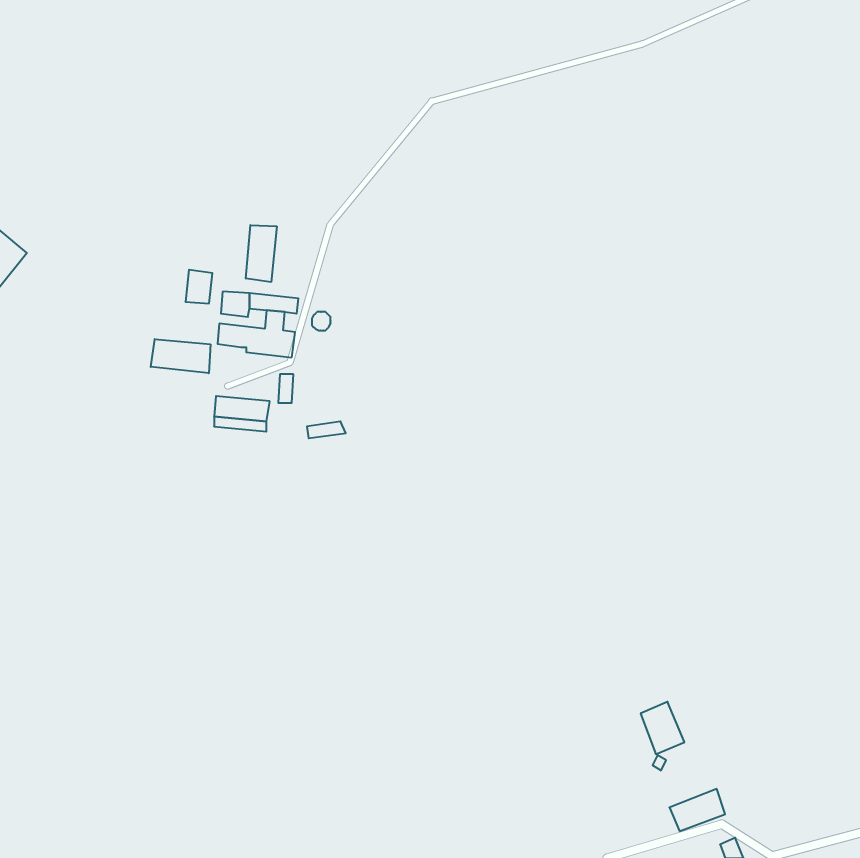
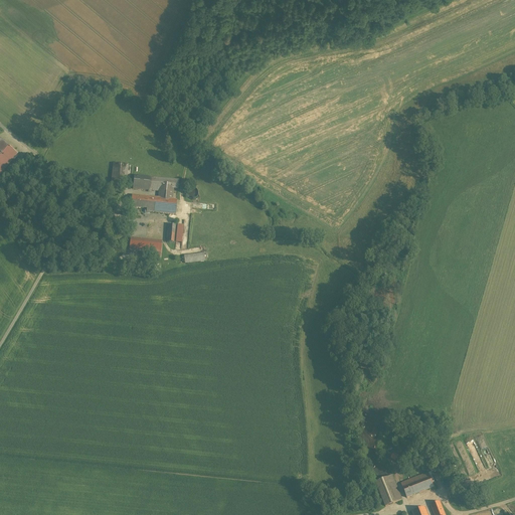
building: [246,225,277,282] -> none
building: [151,339,210,373] -> none
building: [641,702,684,754] -> [375,474,401,505]

